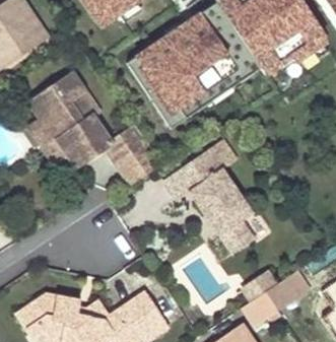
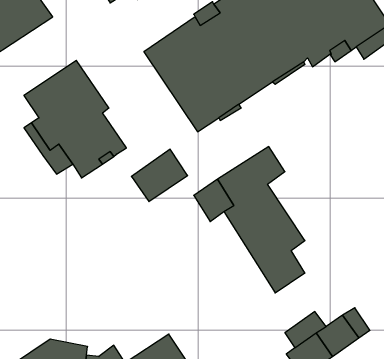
building: [104,124,147,163] -> none

